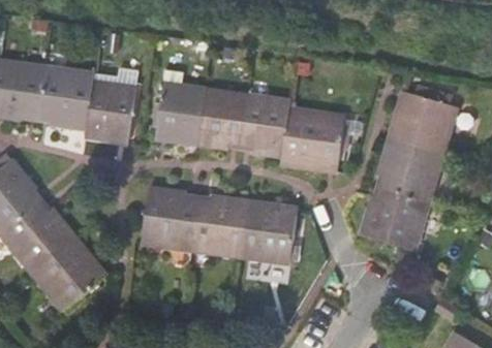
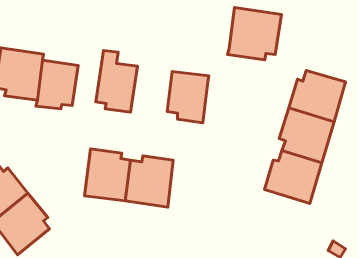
building: [199,90,249,150] -> none
building: [283,108,347,170] -> [227,8,281,60]
building: [244,201,299,263] -> none

